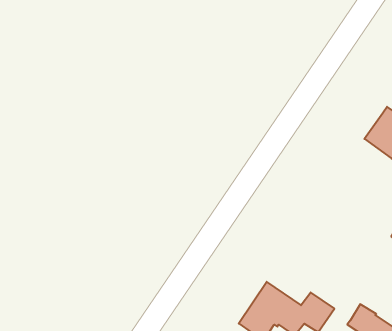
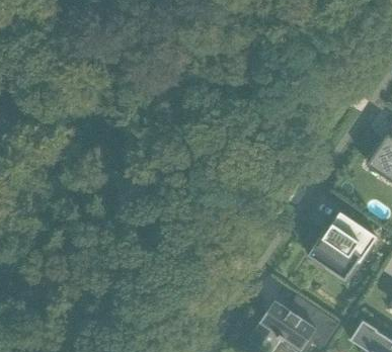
building: none -> [307,211,376,280]

